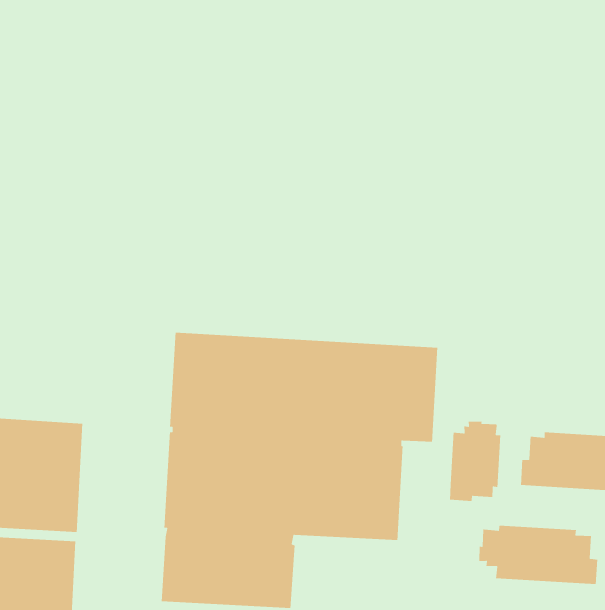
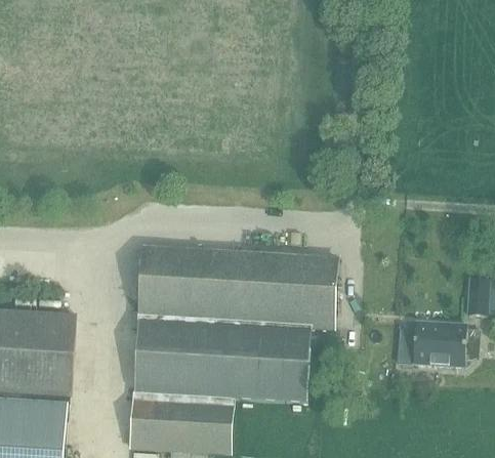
building: [449,421,501,502] -> none
building: [478,525,598,585] -> none

